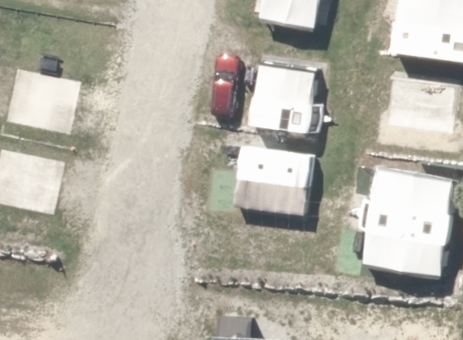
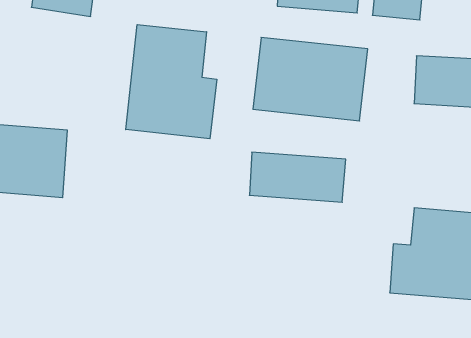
building: none -> [126,25,217,139]

